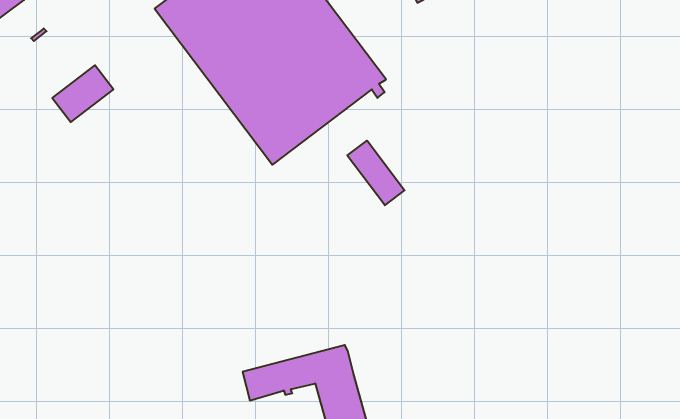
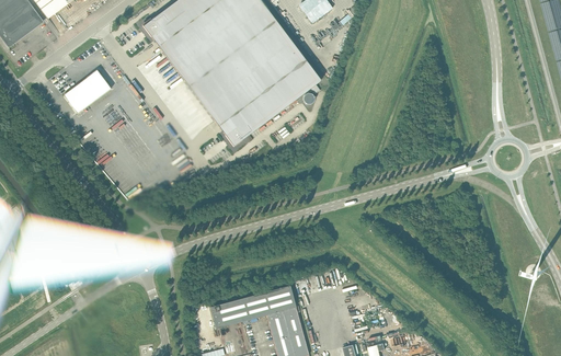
building: [347,141,405,205] -> none

